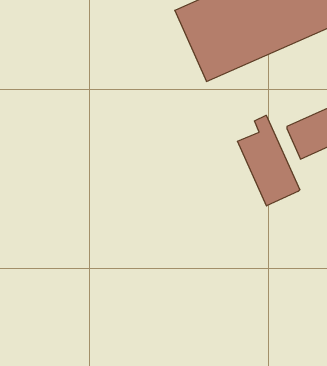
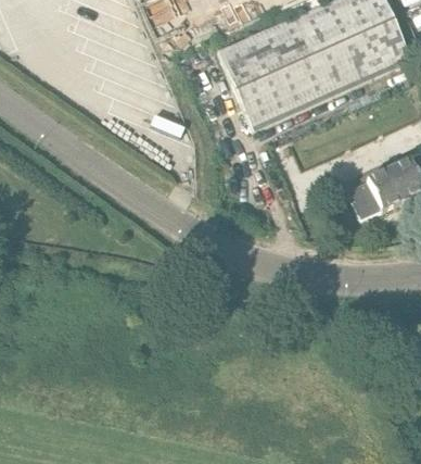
building: [238,115,300,206] -> none

